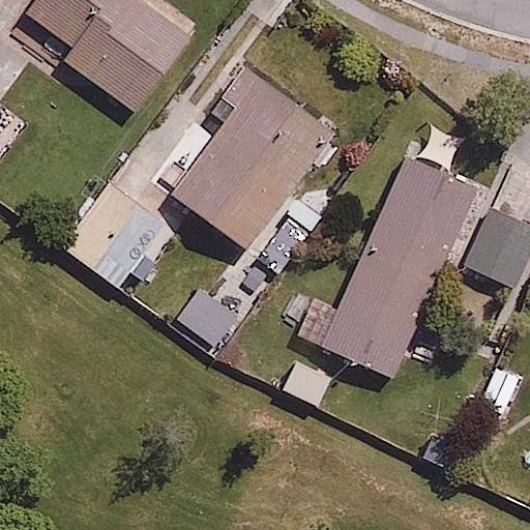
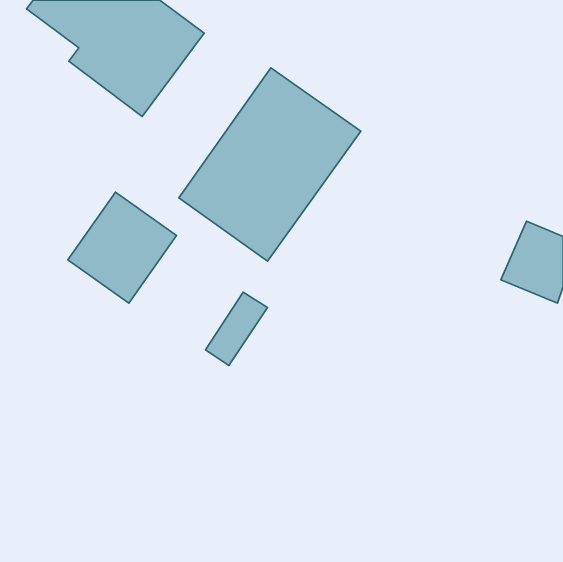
building: [318,156,476,382] -> none

